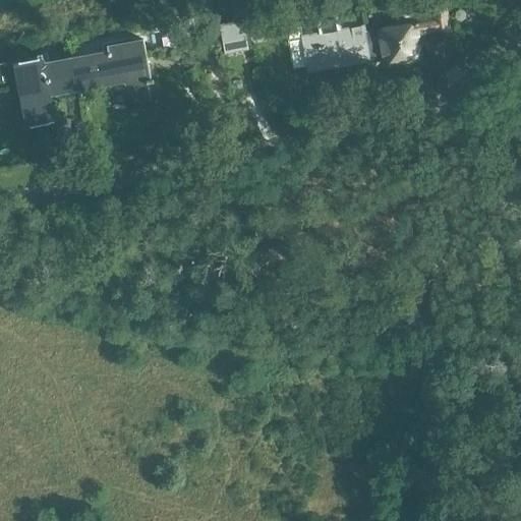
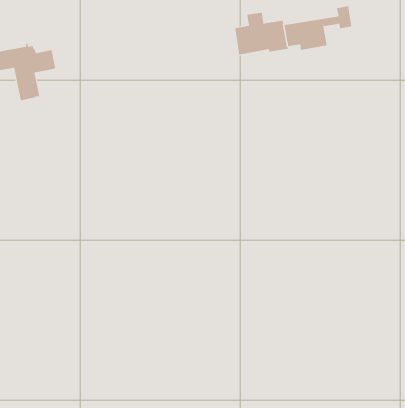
building: [216,21,244,54] -> none
building: [66,40,150,103] -> none

